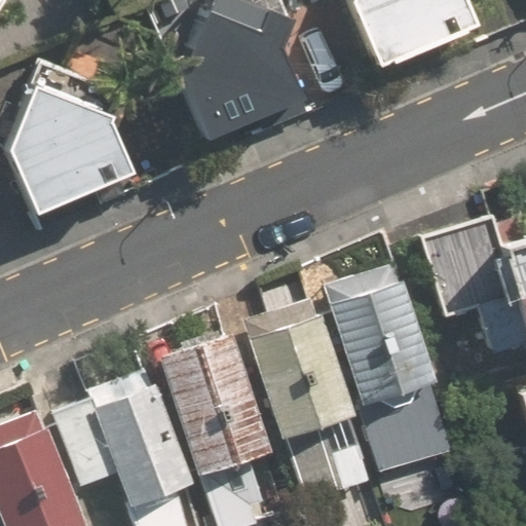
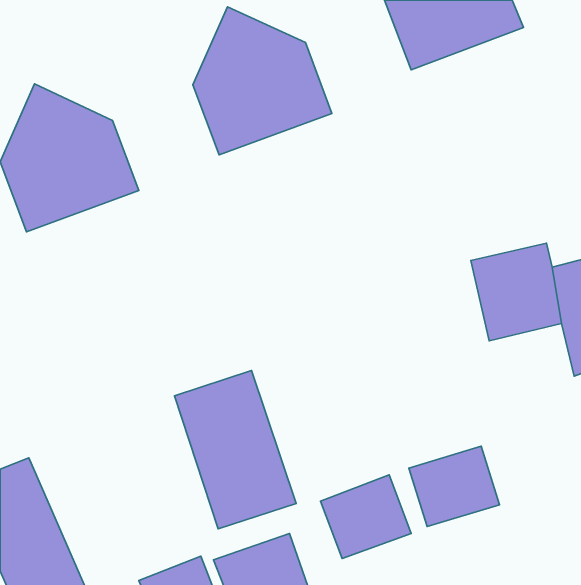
building: [331,273,434,398] -> none
building: [242,299,356,438] -> none
building: [55,373,194,508] -> none

